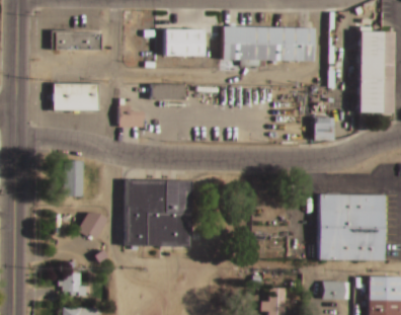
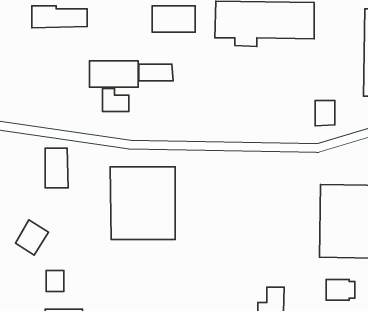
building: [53,86,97,110] -> [90,61,138,87]
building: [78,210,108,242] -> [15,220,49,255]

